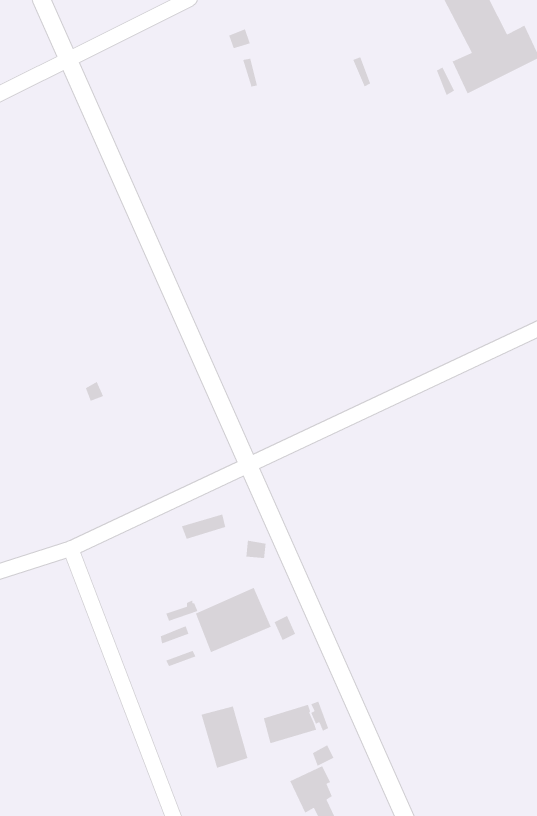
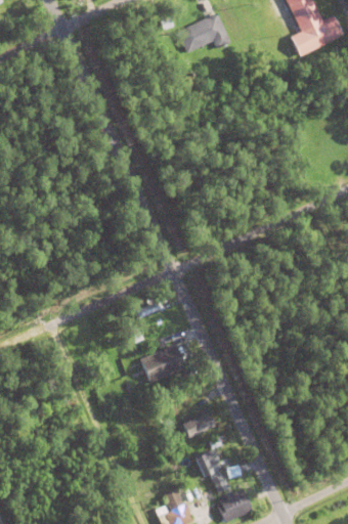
building: none -> [177,13,230,53]
building: [200,705,248,769] -> none

